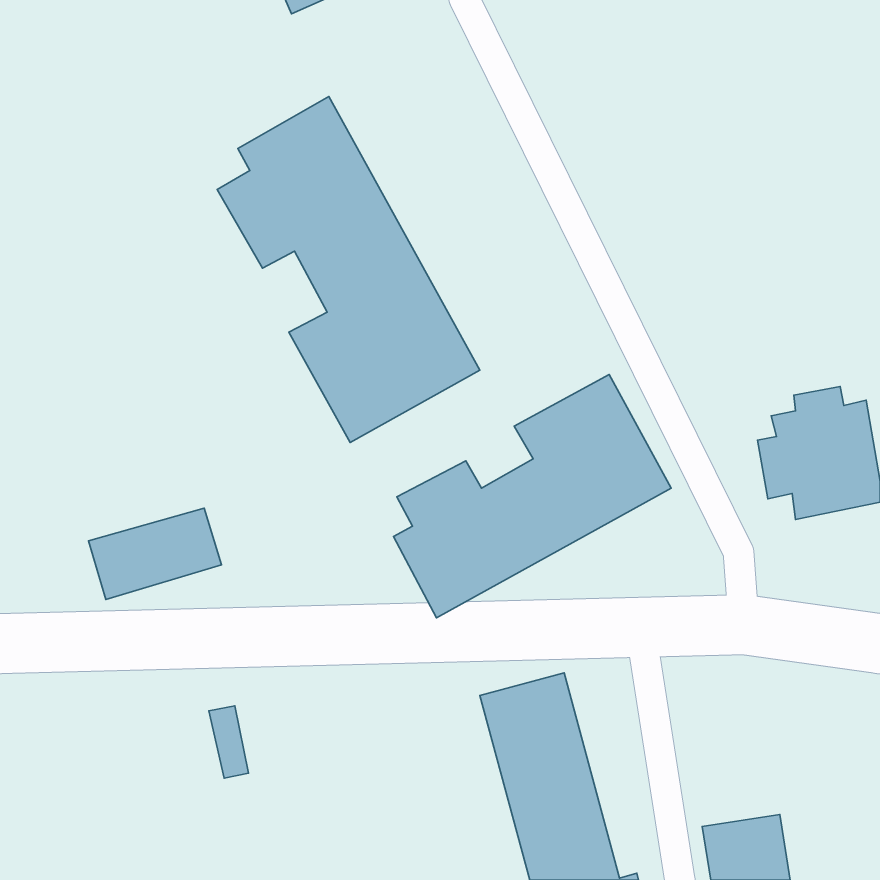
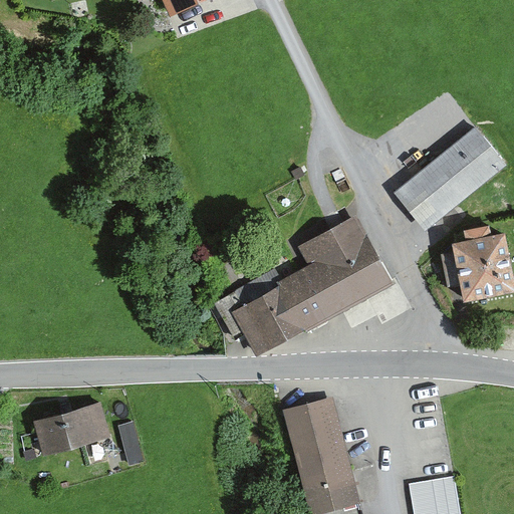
building: [217,97,480,442] -> none
building: none -> [391,128,505,234]
building: [88,508,221,599] -> [31,403,108,456]

